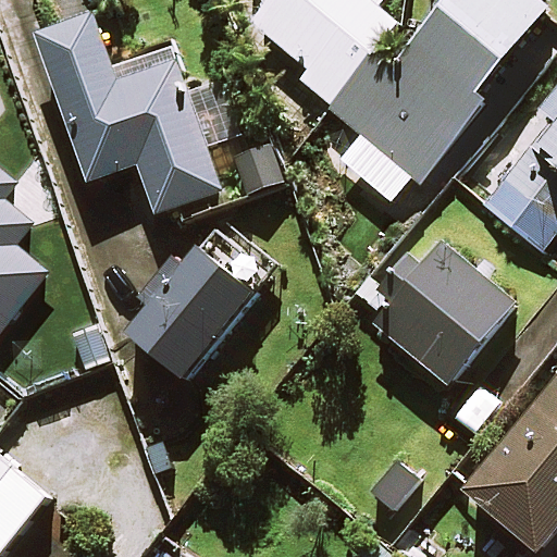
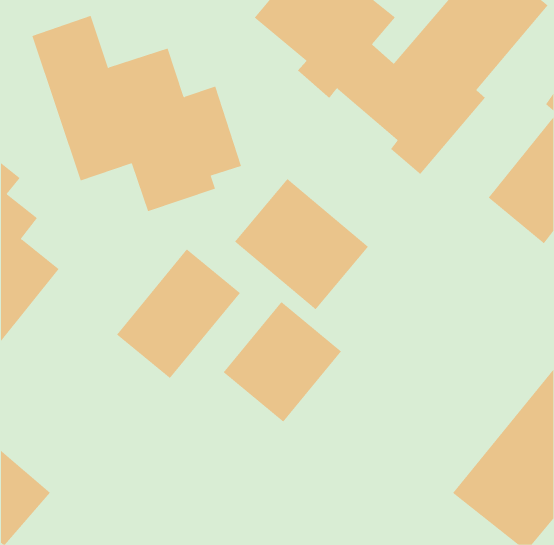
building: none -> [234,178,369,310]
building: [371,246,516,385] -> none
building: none -> [223,301,342,423]

